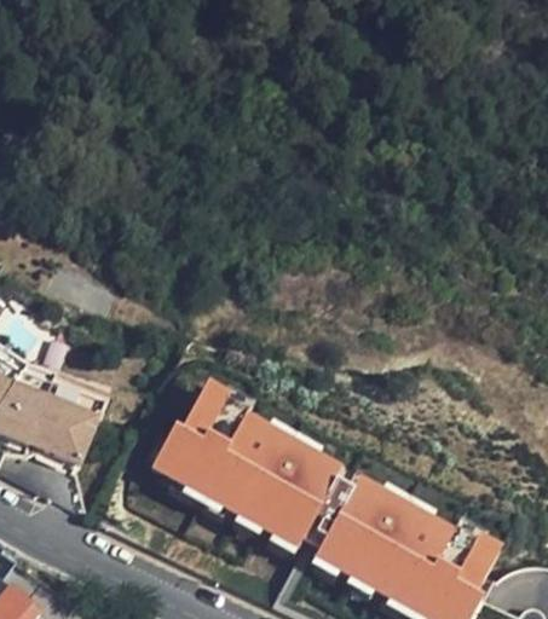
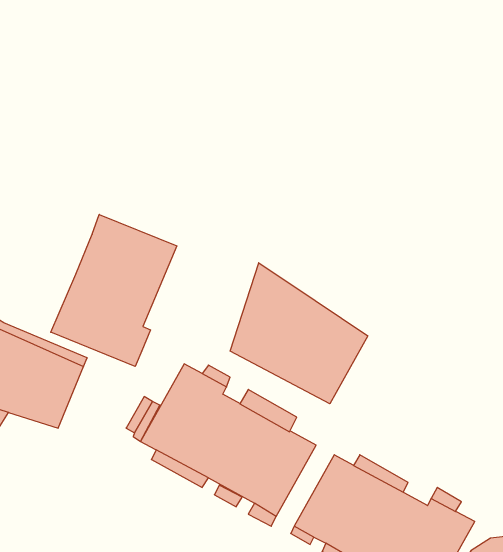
building: none -> [51,214,177,366]
building: none -> [230,263,368,404]

